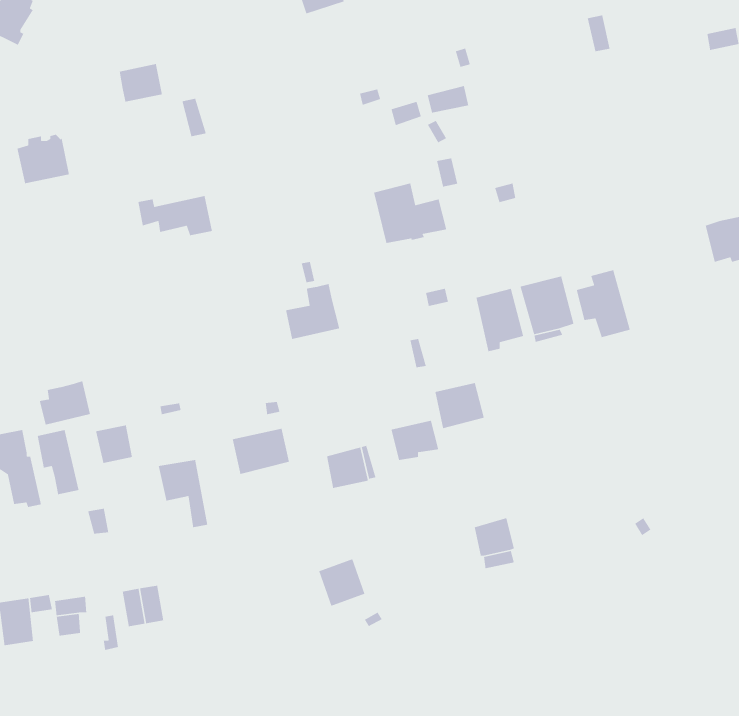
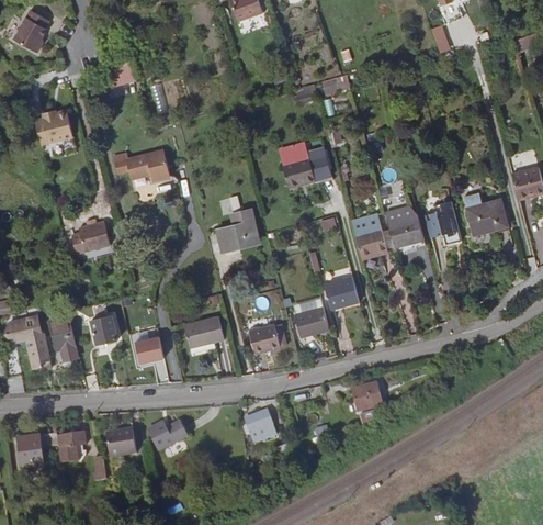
building: none -> [467,199,510,241]
building: [39,380,91,426] -> [69,221,105,253]
building: none -> [147,416,188,446]

